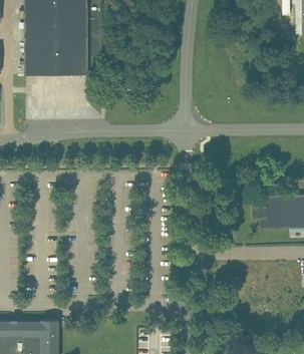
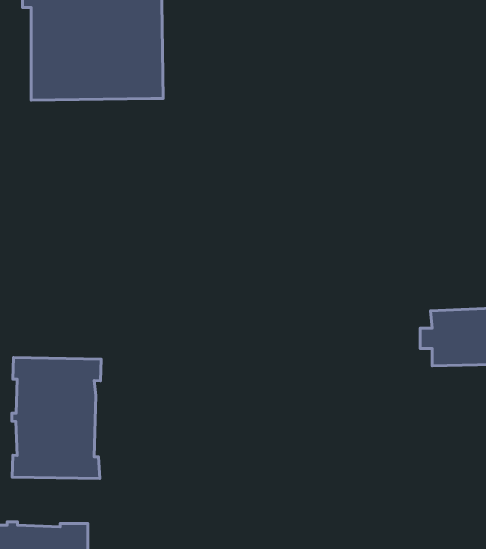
building: none -> [12,357,101,479]

